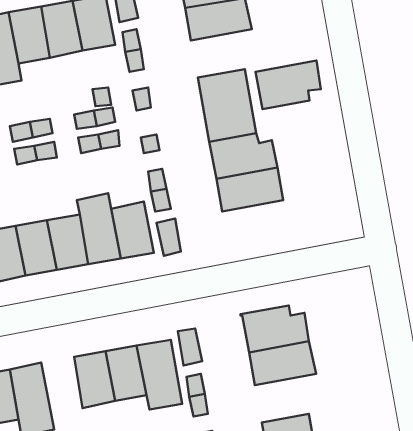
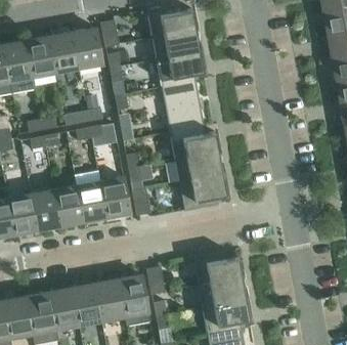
building: [255,61,321,109] -> [156,53,203,88]
building: none -> [178,176,226,212]
building: none -> [48,289,78,330]
building: none -> [202,301,249,336]

